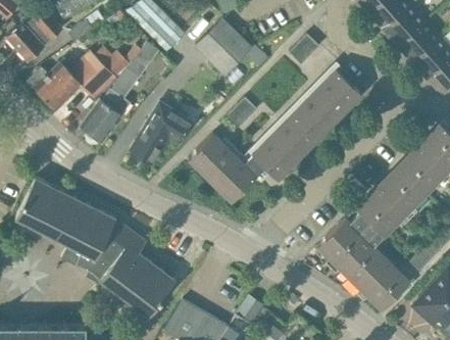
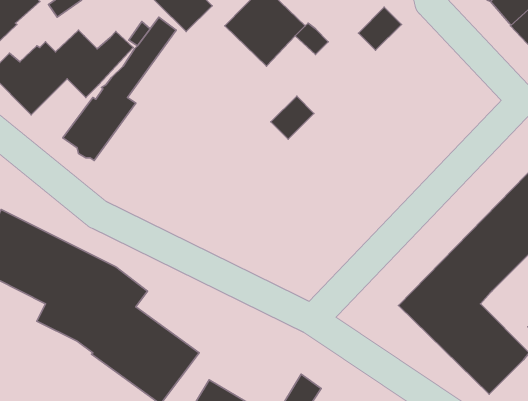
building: [188,69,362,203] -> none
building: [132,102,193,164] -> none

